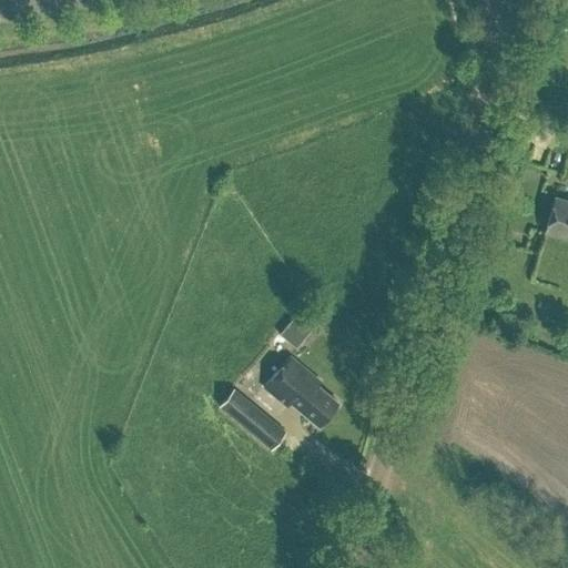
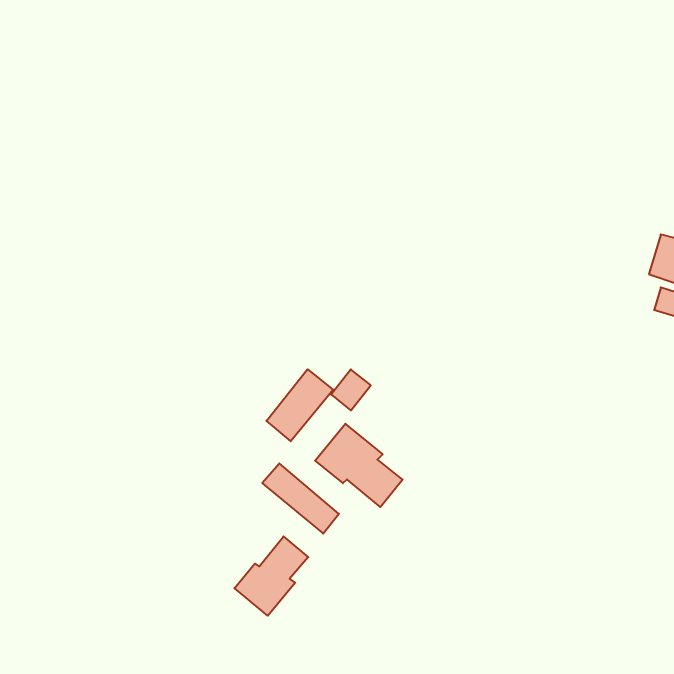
building: none -> [266,369,333,441]
building: none -> [234,536,308,616]

